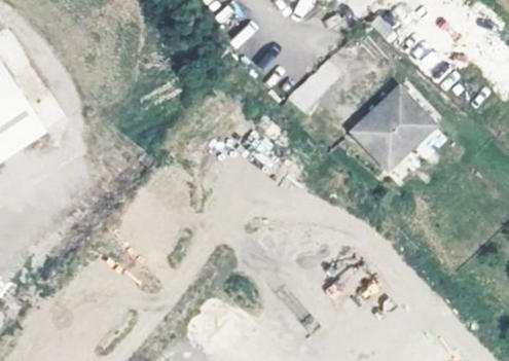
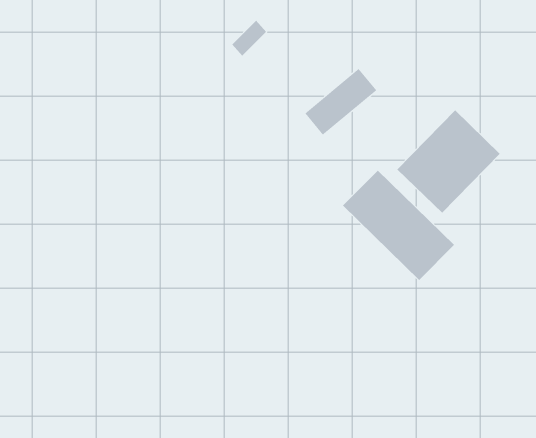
building: none -> [342,170,455,281]

